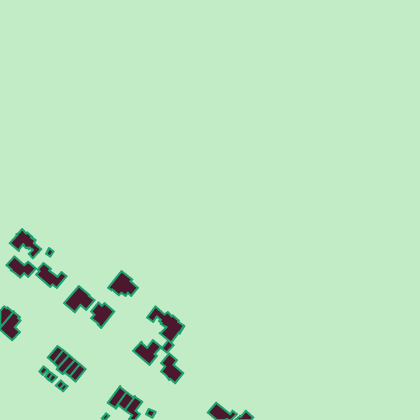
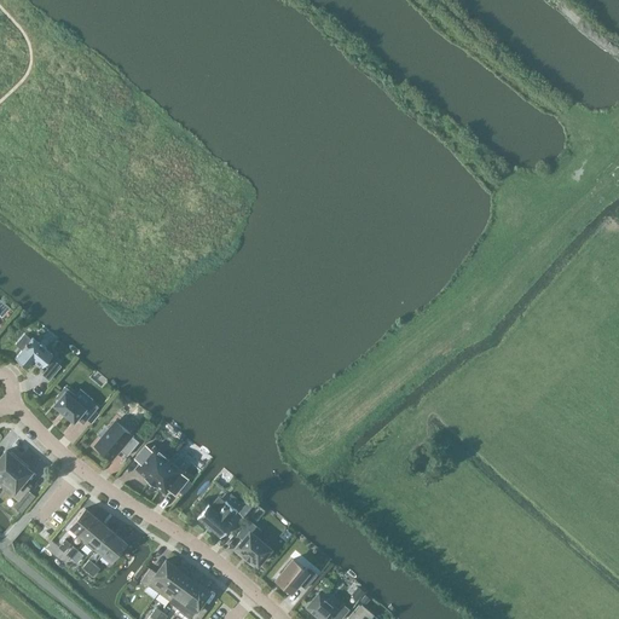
building: [7,257,36,278] -> none
building: [108,271,138,296] -> [149,458,192,494]
building: [147,307,184,343] -> none
building: none -> [276,559,317,591]
building: none -> [140,560,177,592]

